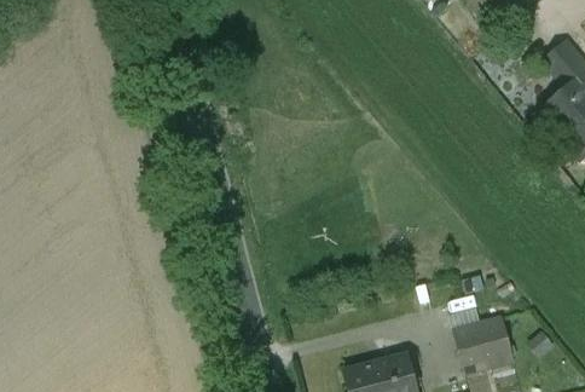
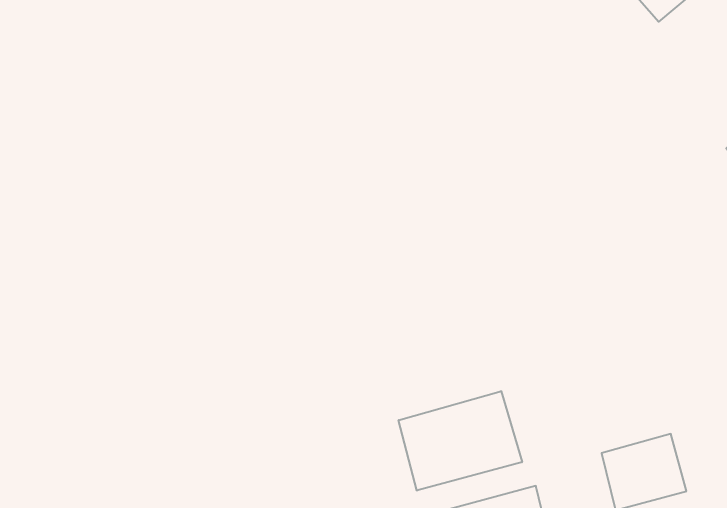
building: none -> [399,391,522,491]

